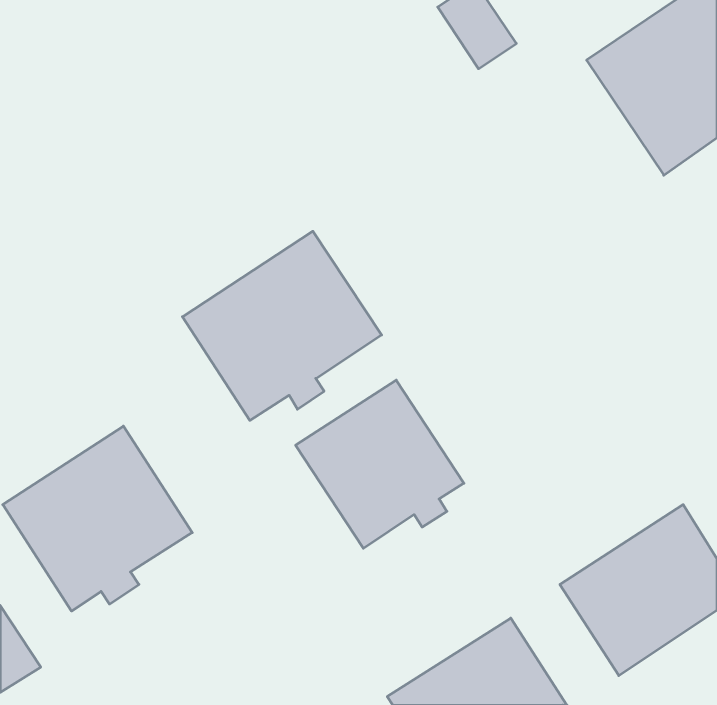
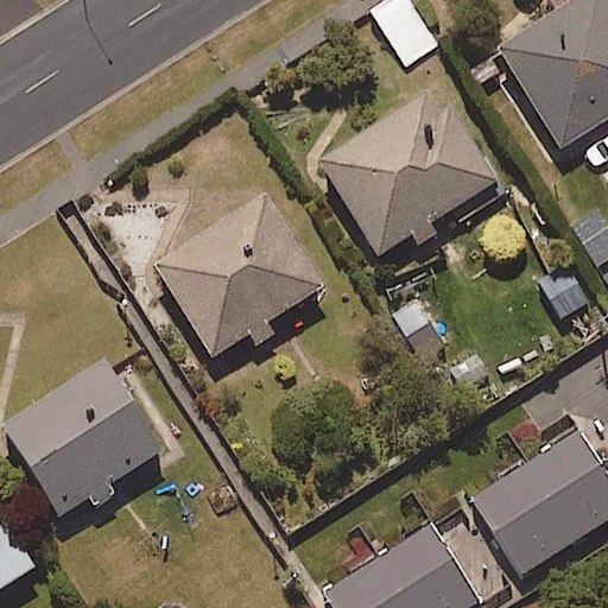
building: none -> [319,95,499,255]
building: [296,380,464,548] -> none

